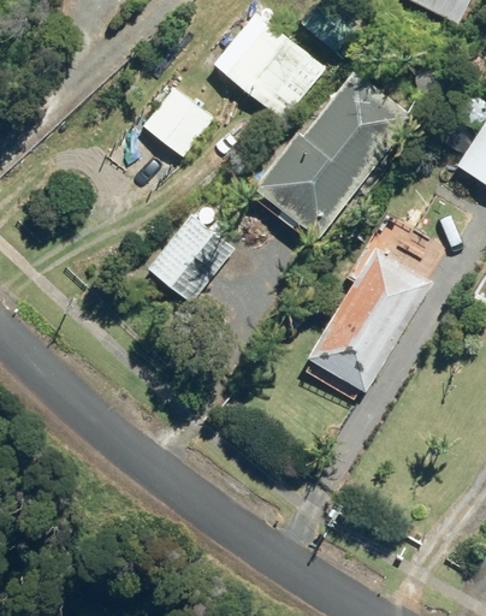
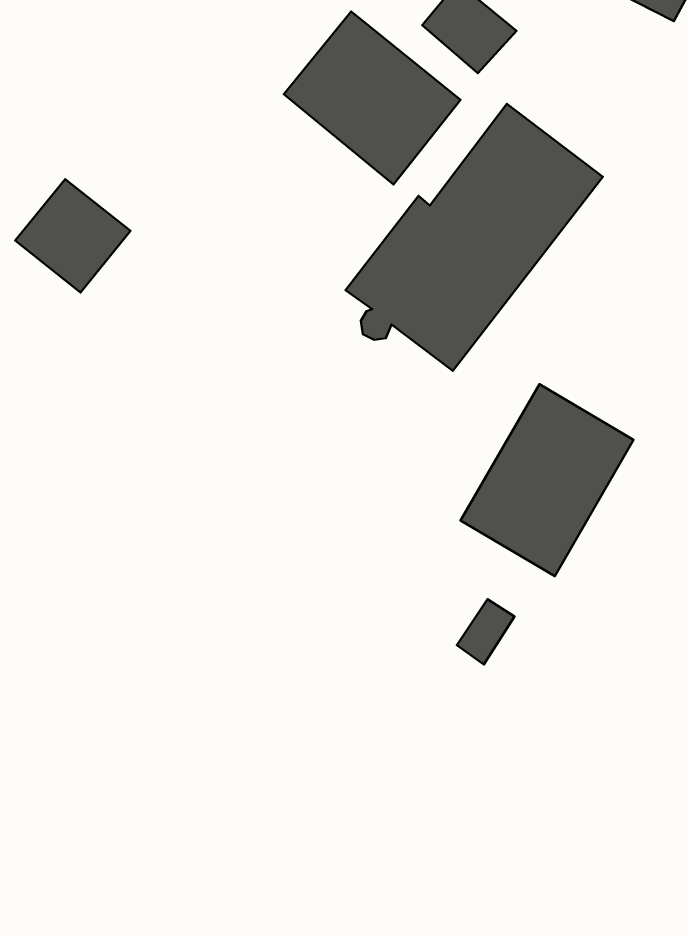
building: [142,85,214,156] -> [15,179,130,292]
building: [148,214,233,301] -> none

